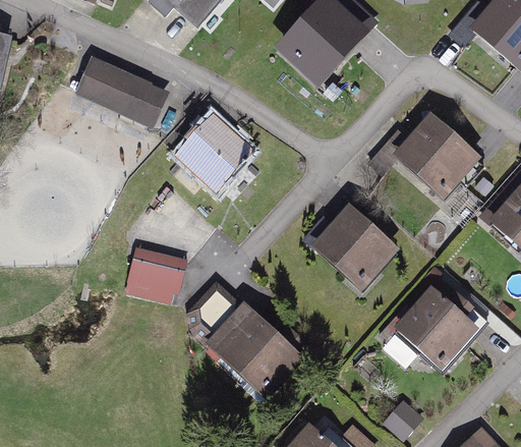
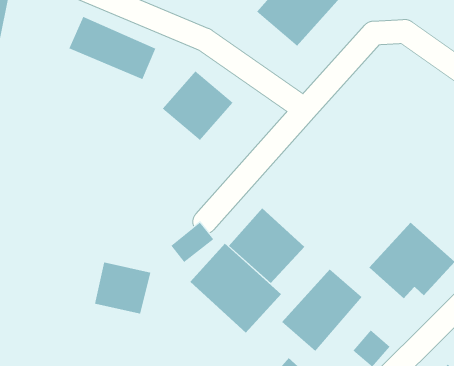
building: [396,116,482,203] -> none
building: [314,208,397,289] -> [228,208,305,284]
building: [123,247,184,303] -> [94,262,151,314]
building: none -> [281,268,362,352]

